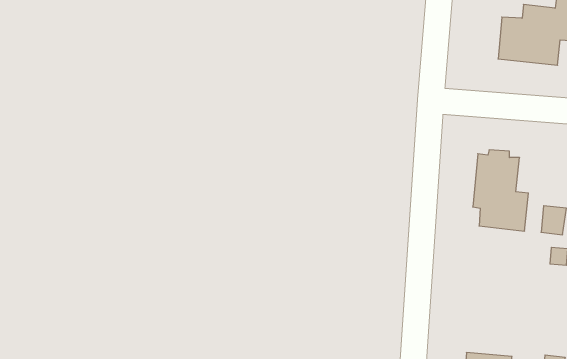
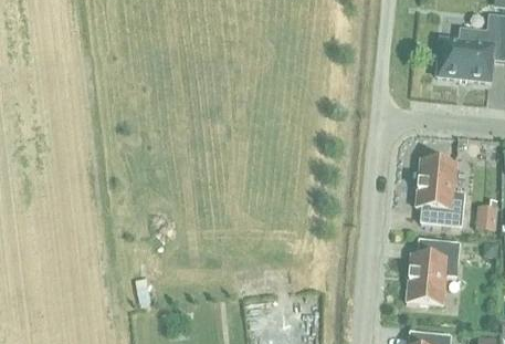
building: none -> [407,239,460,304]

